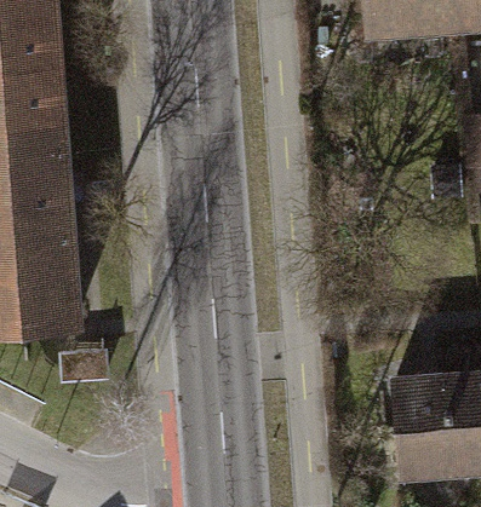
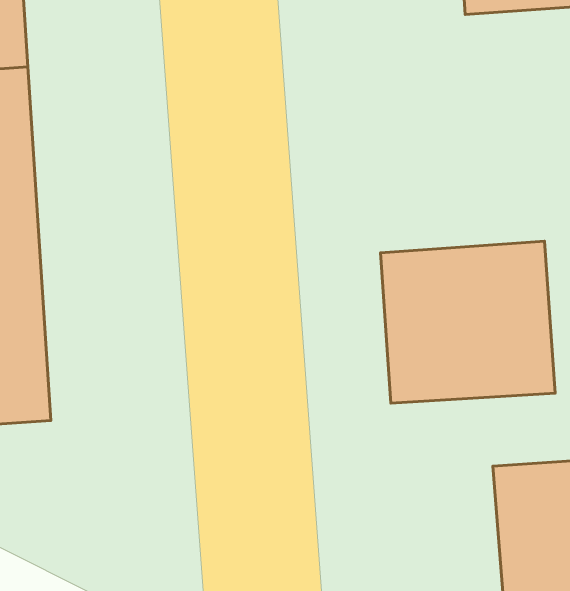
building: none -> [381,241,555,403]

